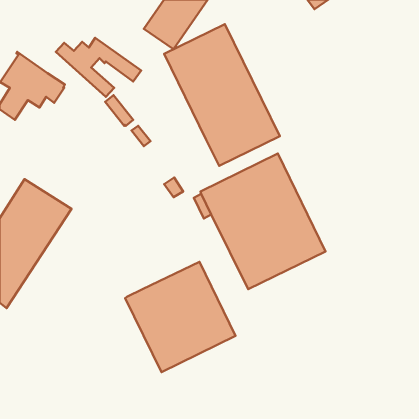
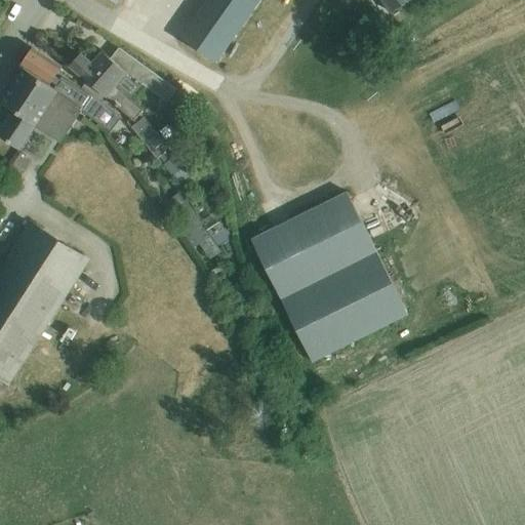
building: [164,24,280,166] -> none
building: none -> [22,47,121,131]
building: [125,262,236,372] -> none

